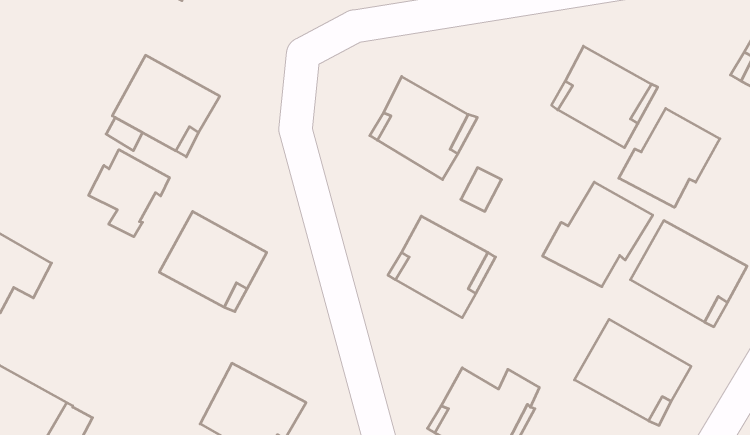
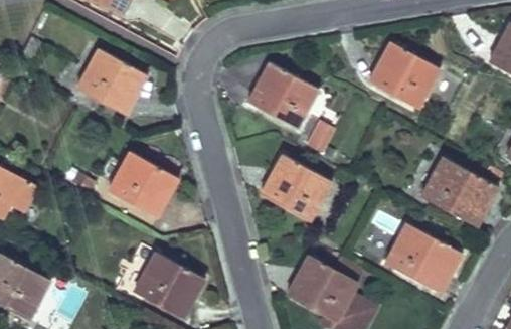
building: [619,108,720,207] -> none
building: [89,150,169,237] -> none
building: [543,182,653,287] -> none

